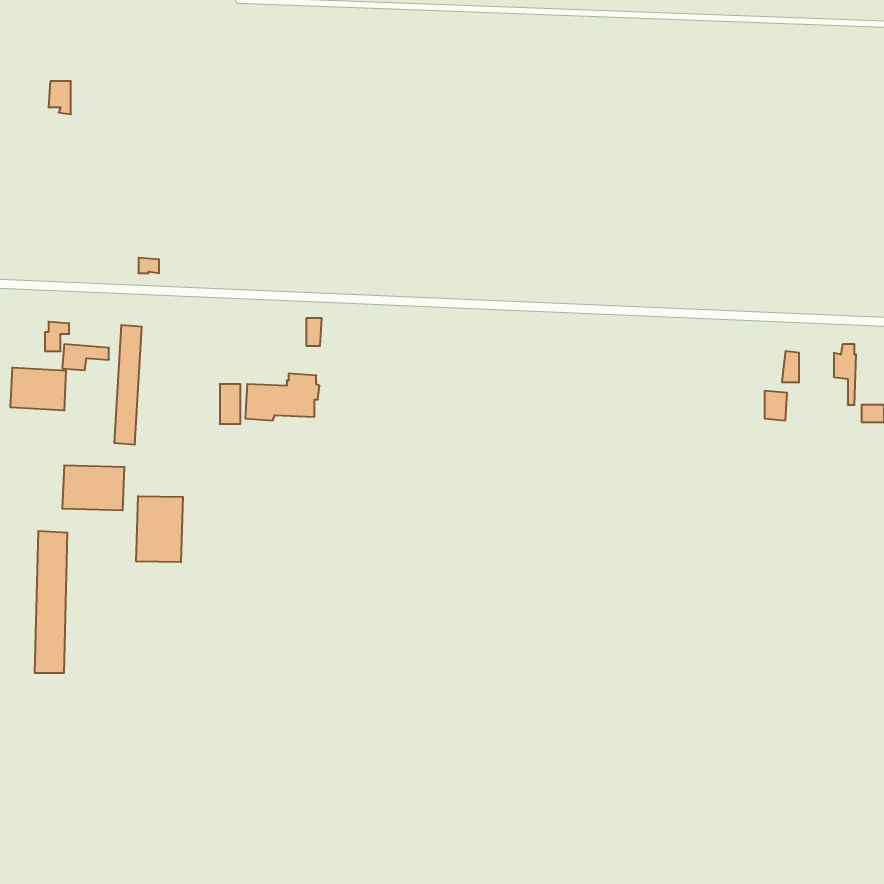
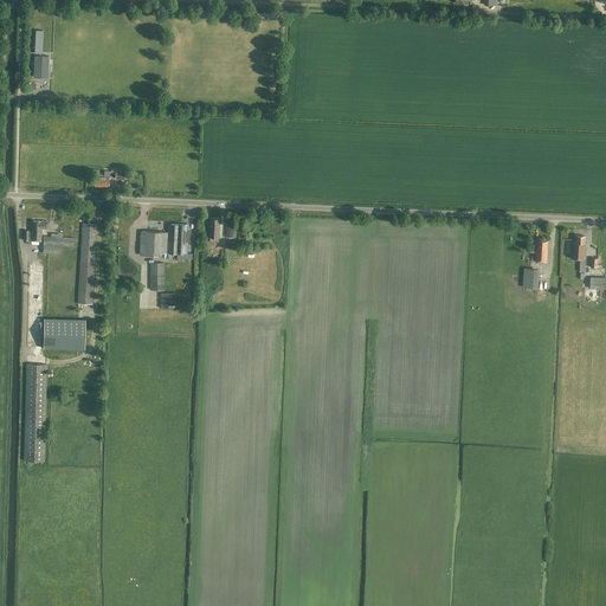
building: [11,367,66,411] -> none
building: [245,374,320,420] -> [140,224,191,256]
building: [136,496,183,562] -> none

